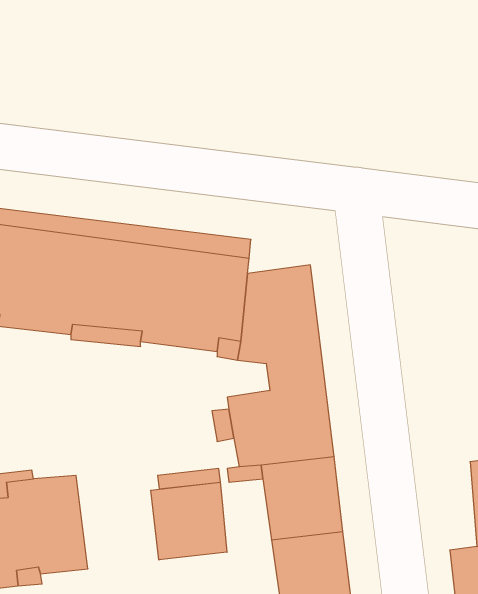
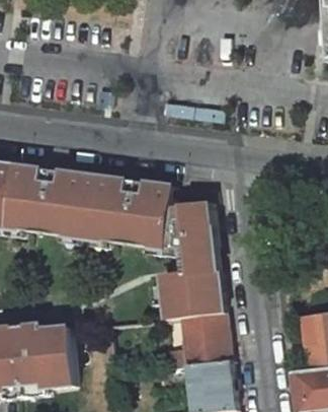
building: [151,482,227,560] -> none

